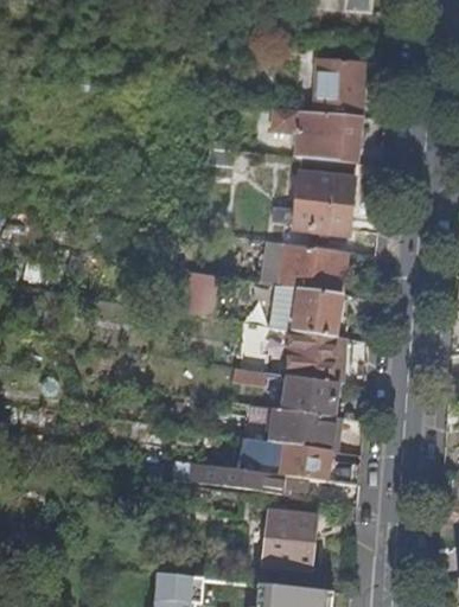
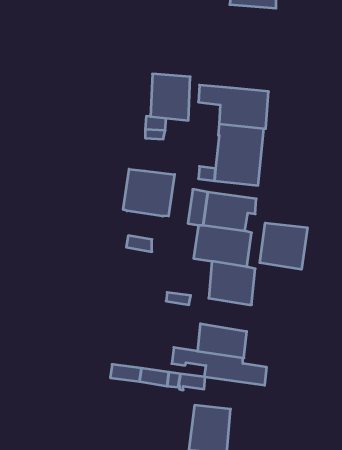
building: [314,59,364,117] -> [150,74,190,120]
building: none -> [123,169,175,216]
building: none -> [260,223,307,269]
building: [283,376,338,417] -> none

